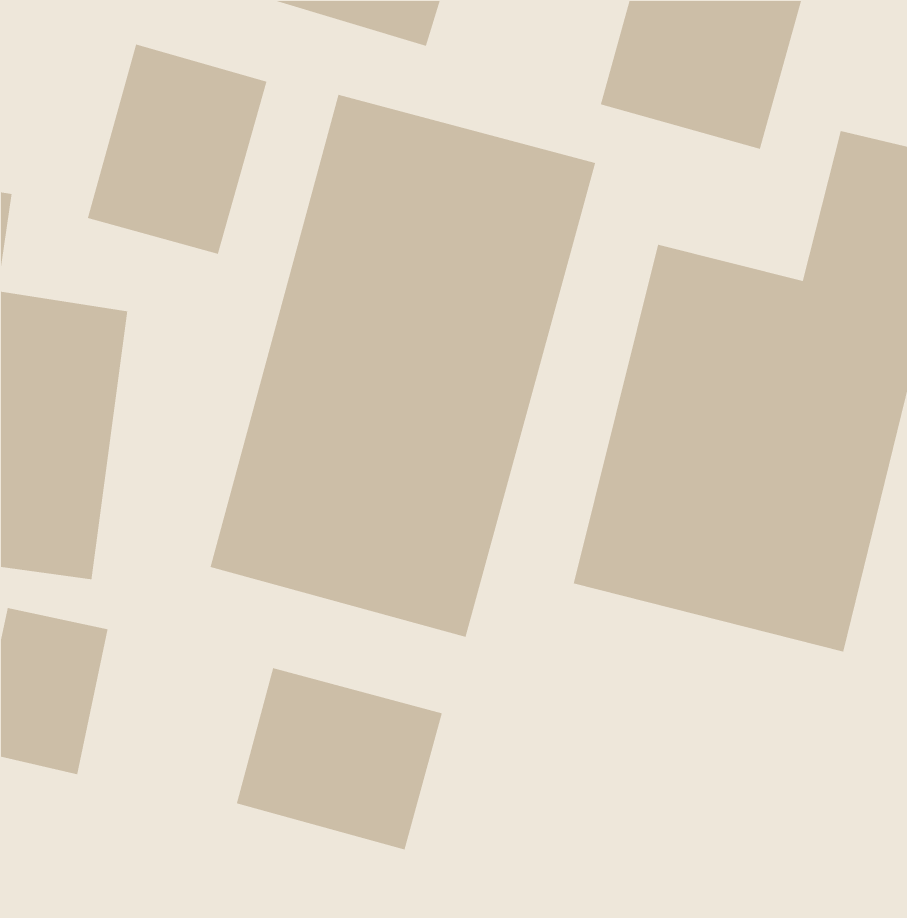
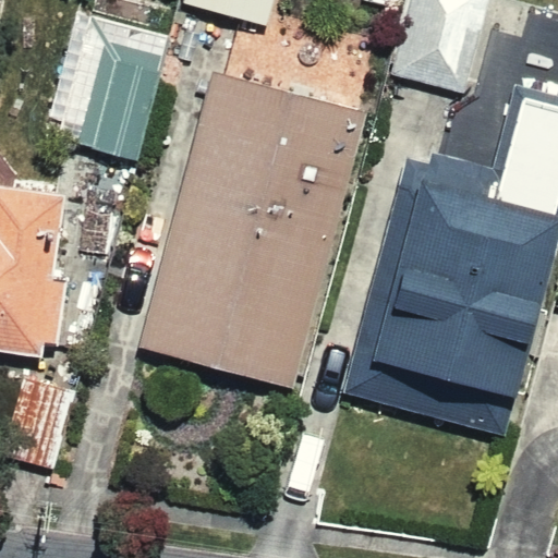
building: [236,667,443,851] -> none

